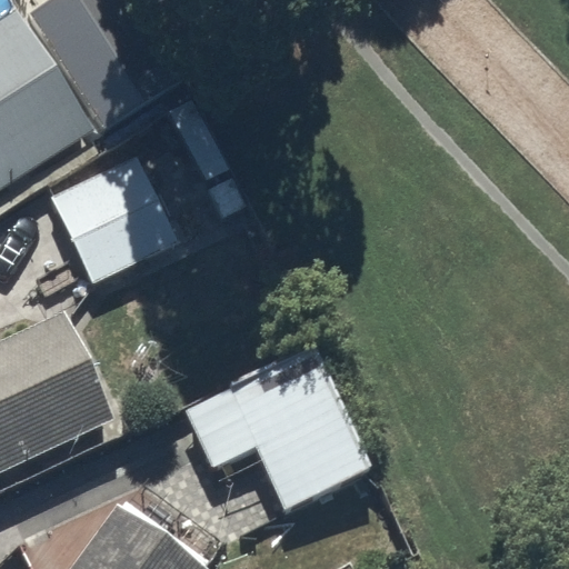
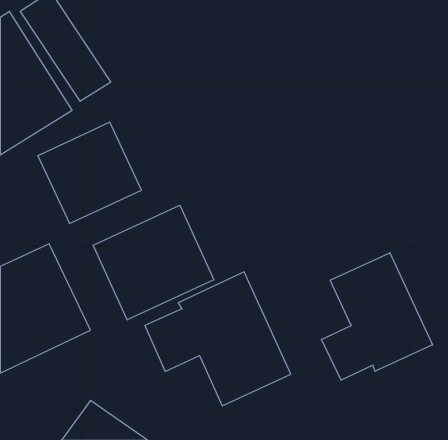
building: none -> [93,205,214,320]
building: none -> [321,253,433,380]

